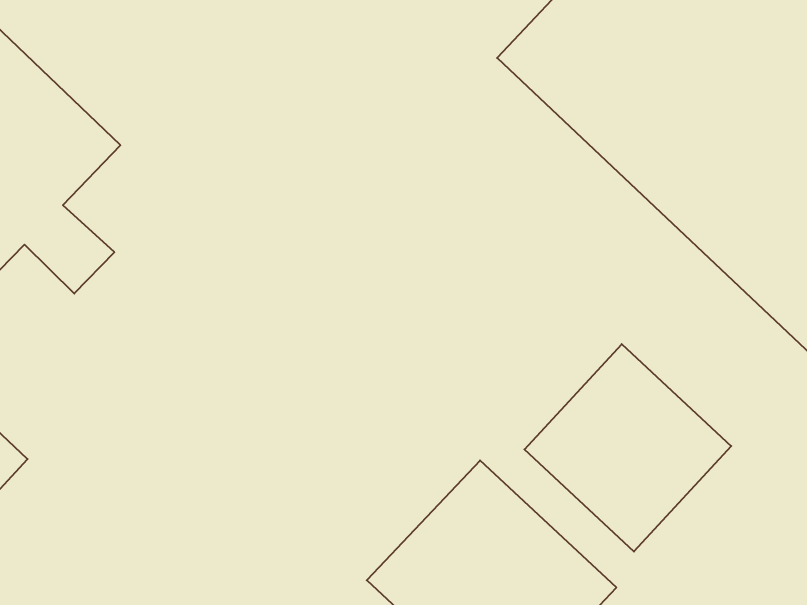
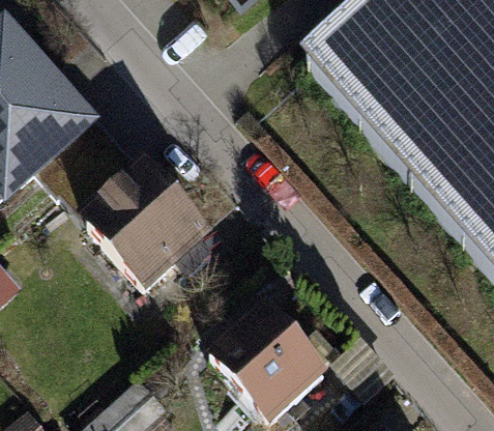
building: none -> [85,157,220,293]
building: [524,344,731,552] -> none

